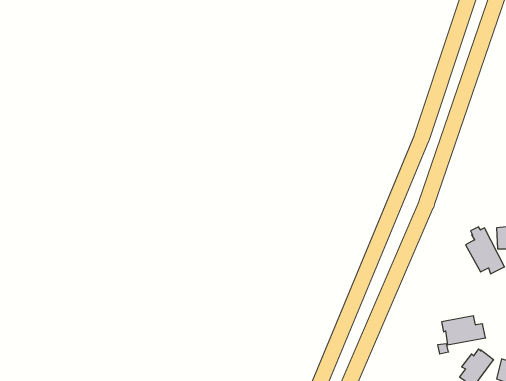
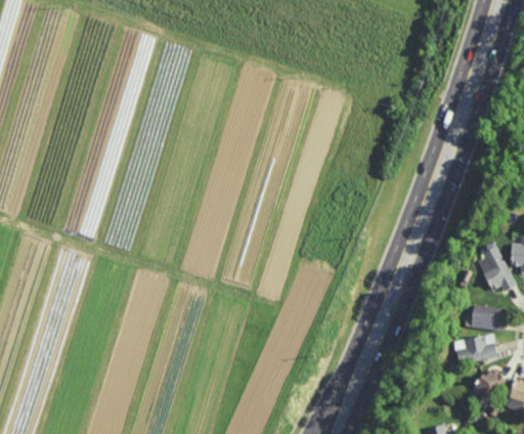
building: none -> [465,303,505,331]

